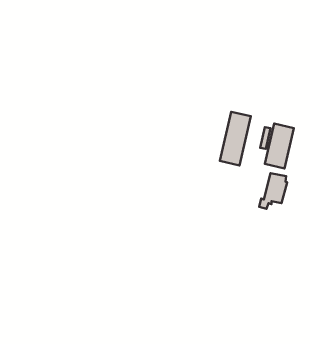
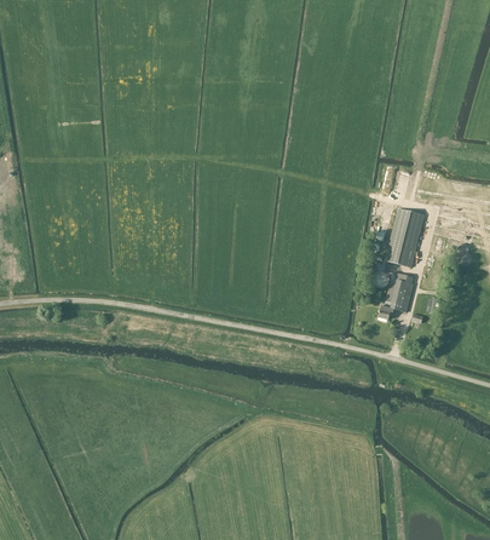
building: [220,112,251,165] -> none

